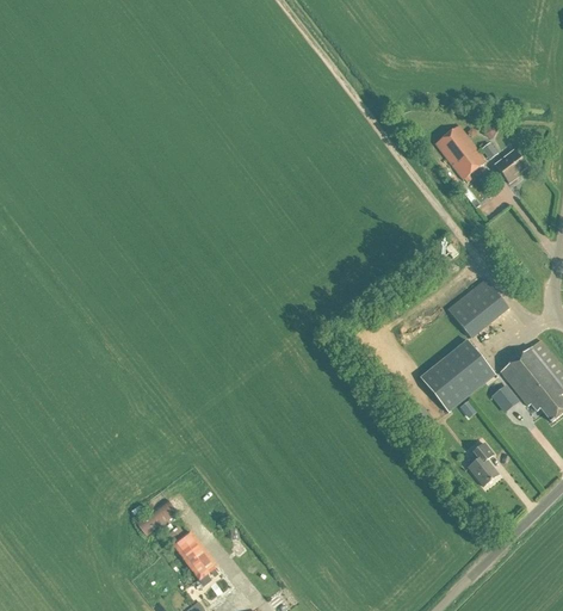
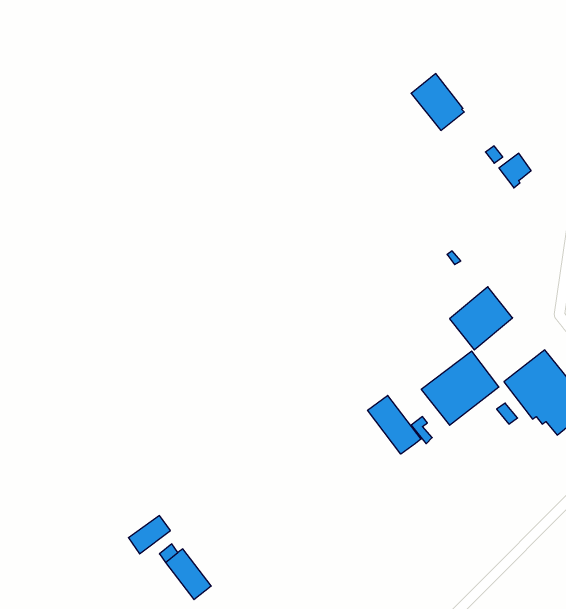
building: [434,124,485,179] -> [411,74,464,130]
building: none -> [368,395,421,454]
building: [468,443,499,486] -> none

